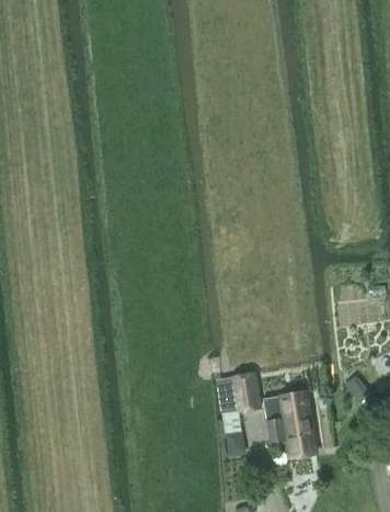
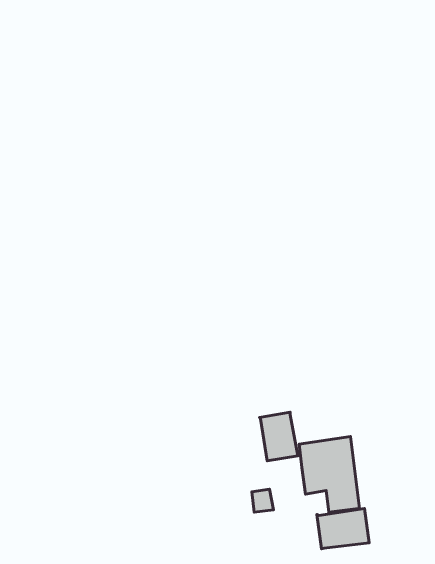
building: none -> [317,509,369,549]

